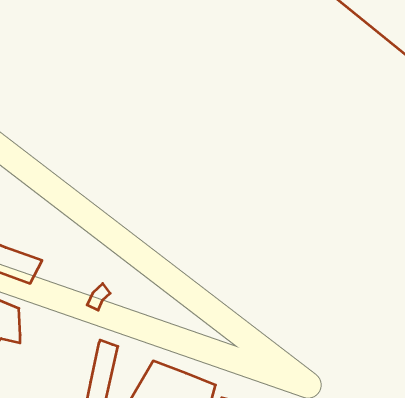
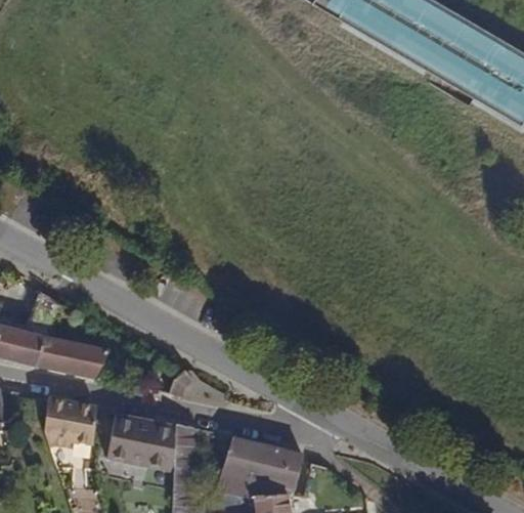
building: none -> [111,414,175,470]

